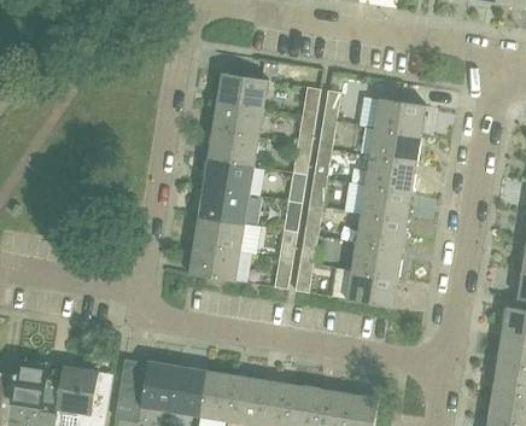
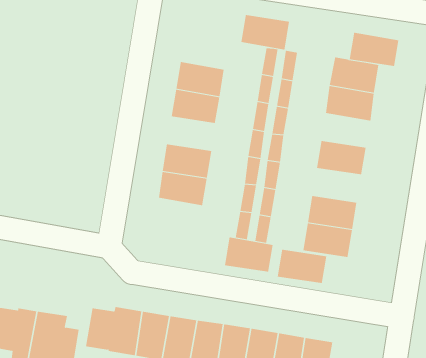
building: [216,72,268,110] -> [241,15,290,50]
building: [364,156,417,192] -> [349,32,399,66]
building: [201,159,253,196] -> none
building: [355,214,408,250] -> [277,249,327,284]
building: [188,245,240,282] -> [224,237,273,272]

